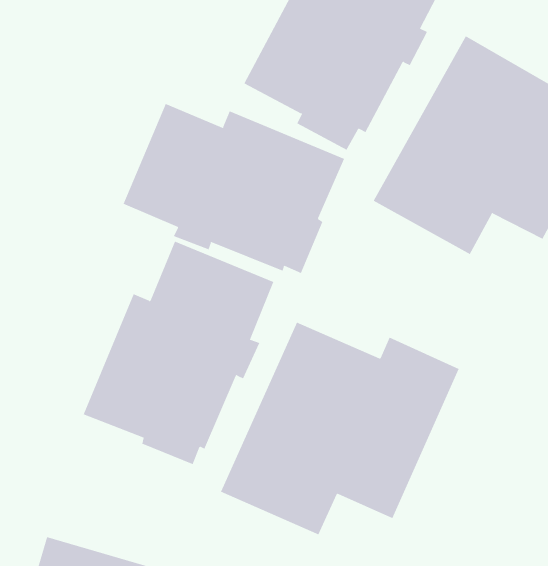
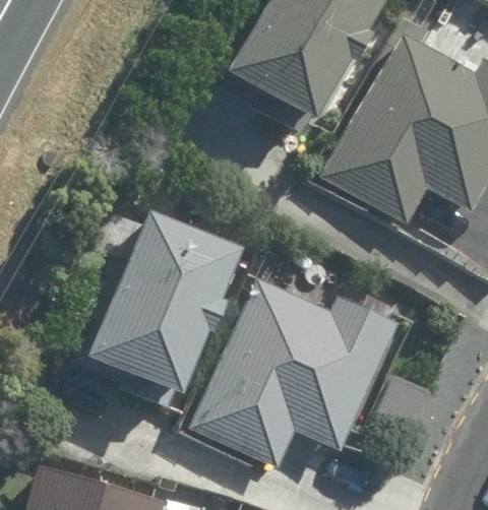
building: [123,103,345,274] -> none

